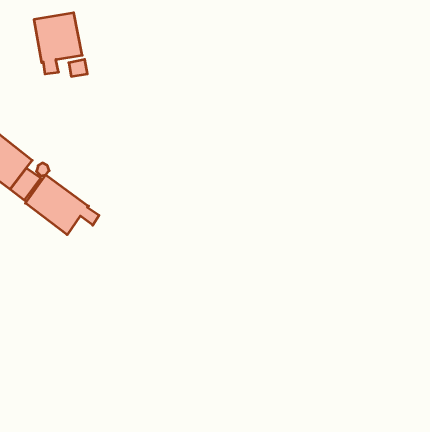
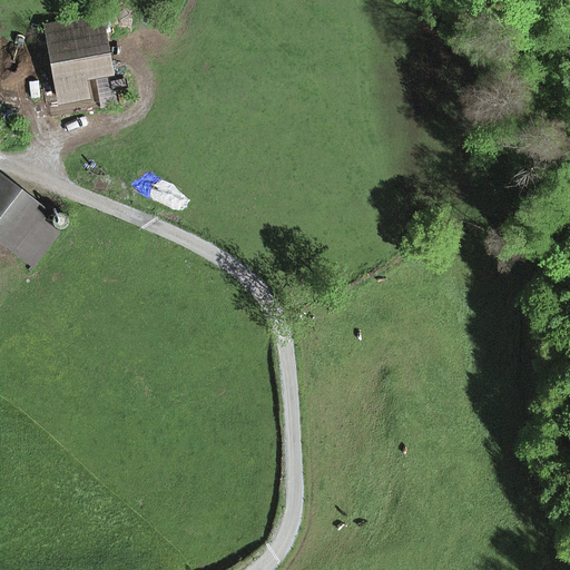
building: [25,175,99,235] -> none

